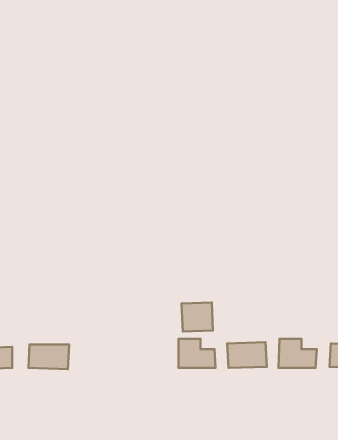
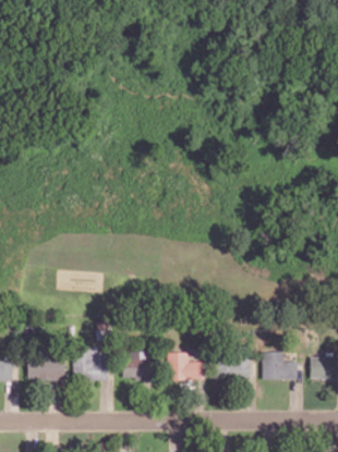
building: [182,302,213,332] -> [123,353,153,380]
building: none -> [73,346,108,381]

